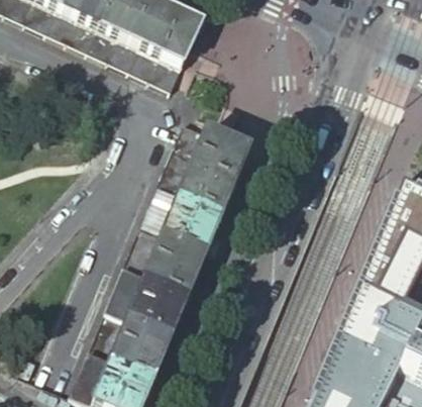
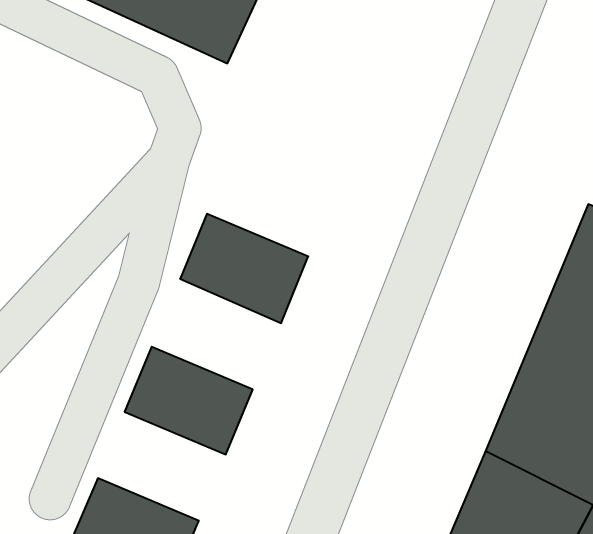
building: [164,112,254,203] -> none
building: [128,217,211,288] -> none
building: [94,302,176,372] -> none

